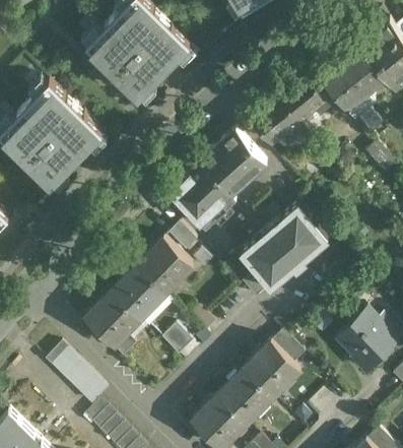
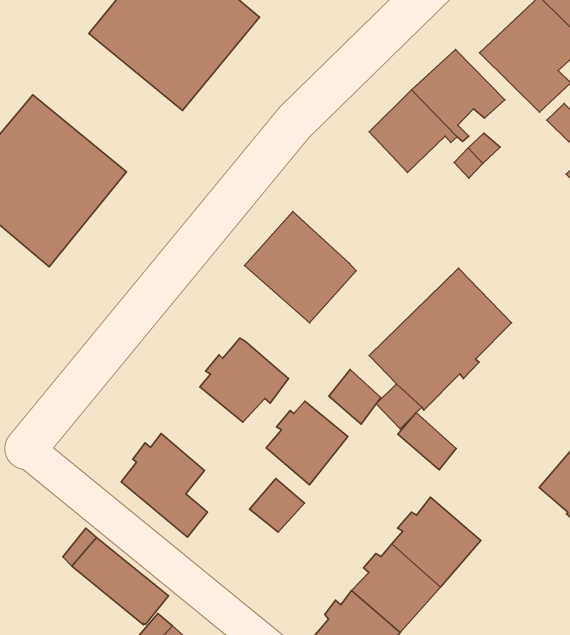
building: [202,133,267,198] -> none
building: [167,226,199,259] -> [329,369,381,424]
building: [113,266,162,317] -> [266,401,348,485]
building: [272,331,307,367] -> [398,413,456,470]

